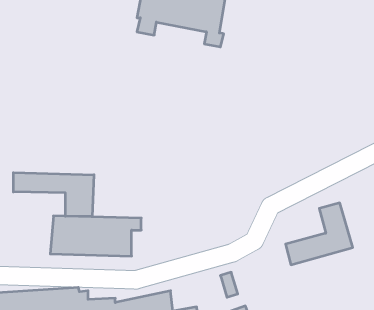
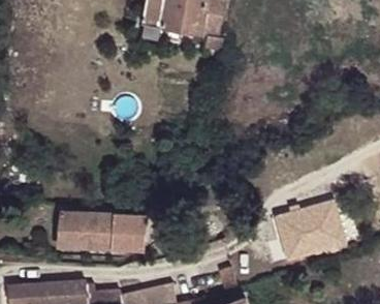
building: [13,173,94,217] -> none
building: none -> [275,205,320,239]

